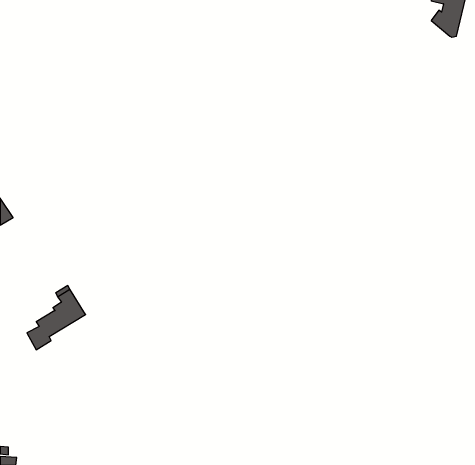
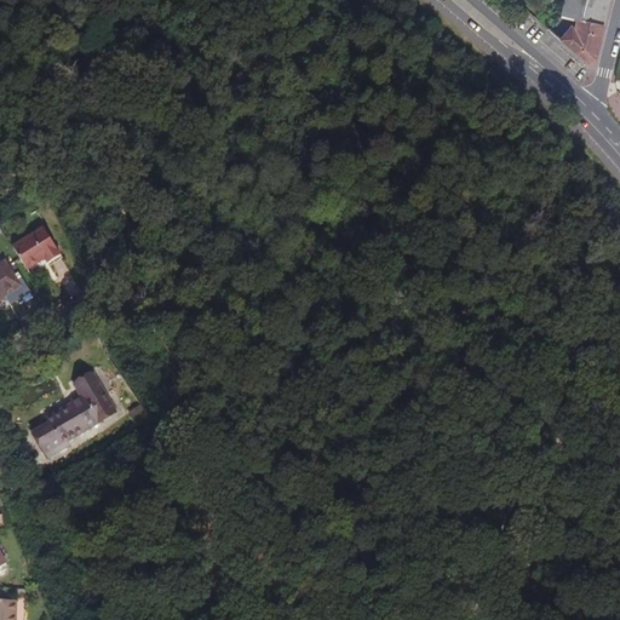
building: none -> [11,231,58,274]

